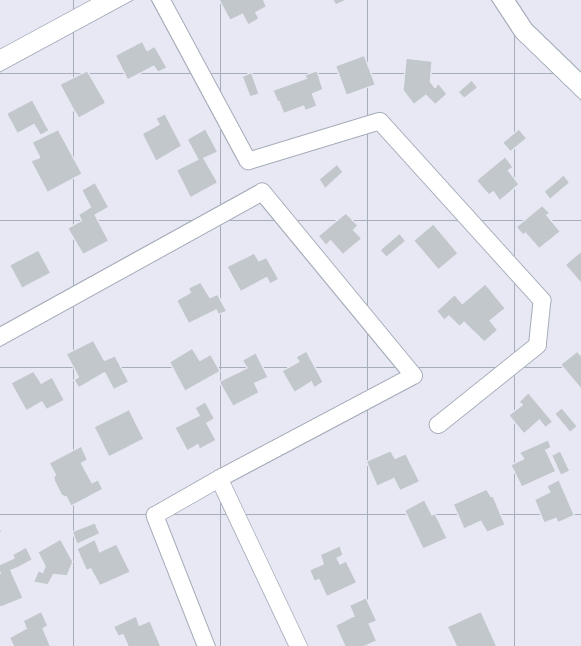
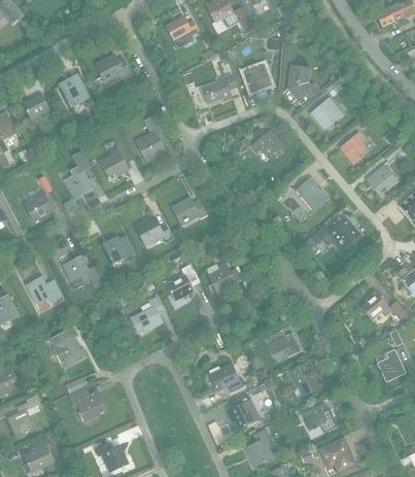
building: none -> [310,97,339,127]
building: [142,114,182,161] -> [101,147,128,179]
building: [31,129,82,193] -> none
building: [318,213,361,255] -> [251,130,280,158]
building: [170,348,220,391] -> [101,236,135,265]
building: [94,409,144,457] -> none
building: [511,440,556,487] -> none
building: [453,489,505,532] -> [301,403,336,432]
building: none -> [210,364,241,390]
building: [33,539,73,585] -> none

